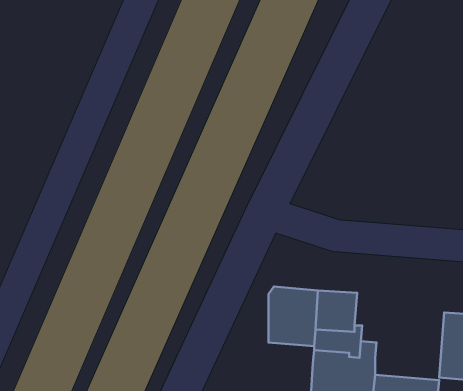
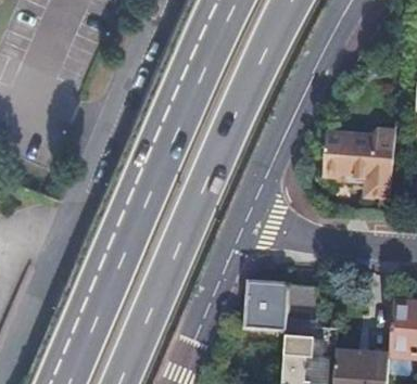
building: none -> [320,135,393,205]

